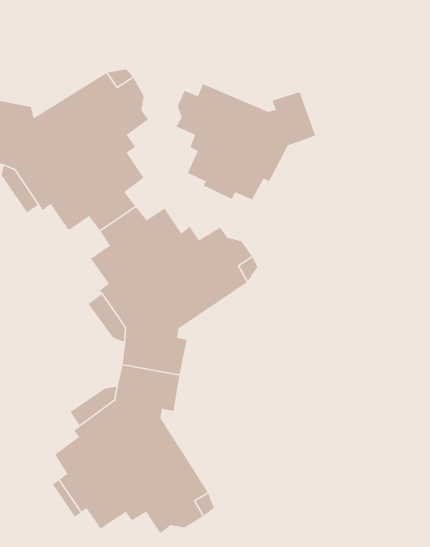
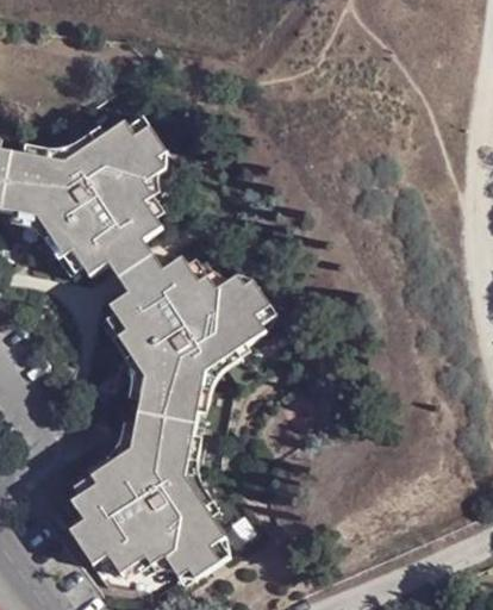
building: [175,83,316,200] -> none

